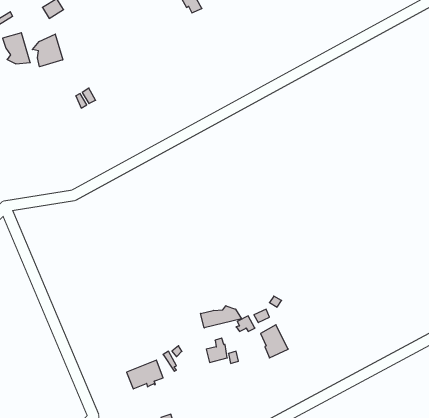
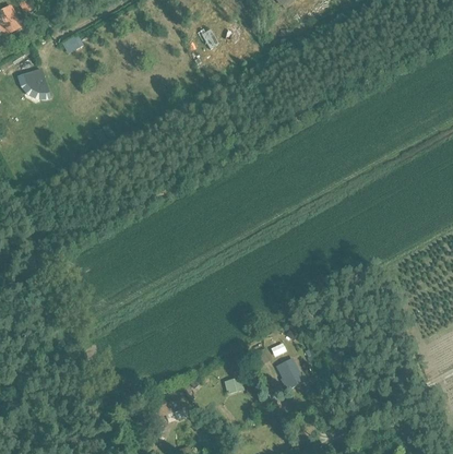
building: [32,34,63,67] -> none
building: [201,306,242,328] -> none

